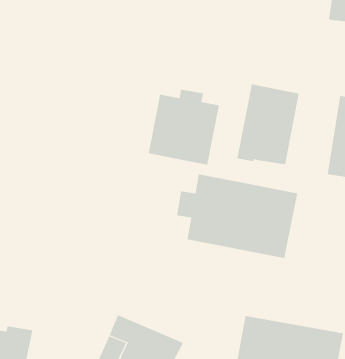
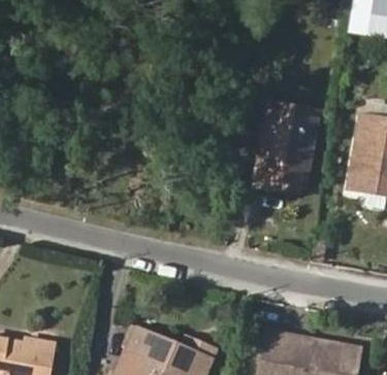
building: [148,89,219,165] -> none
building: [177,174,298,259] -> none

